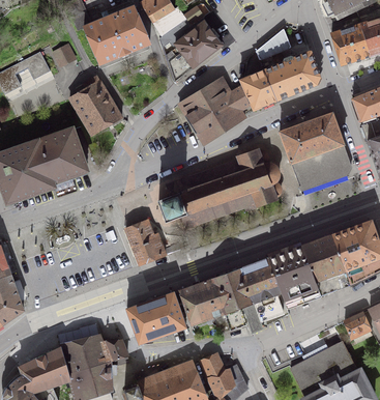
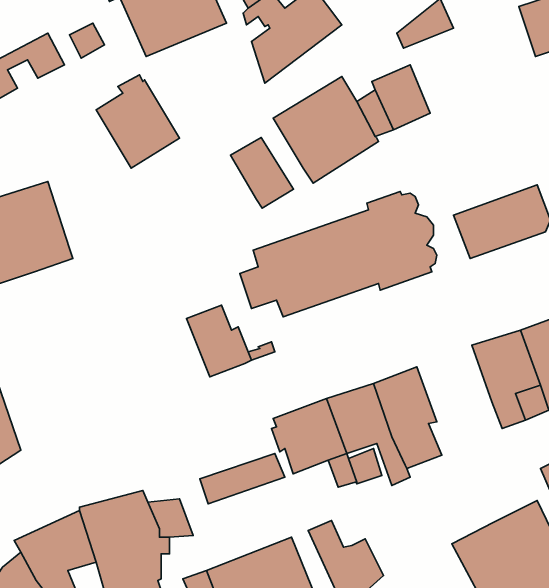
building: [264,53,320,101] -> none
building: [279,113,344,164] -> none
building: none -> [230,137,294,208]
building: [39,131,88,184] -> none
building: [268,245,321,309] -> none
building: [126,291,183,327] -> none

